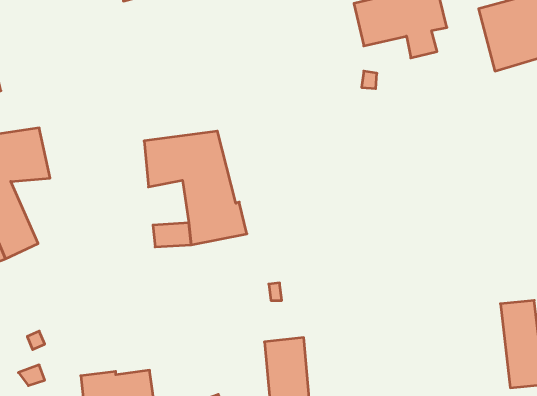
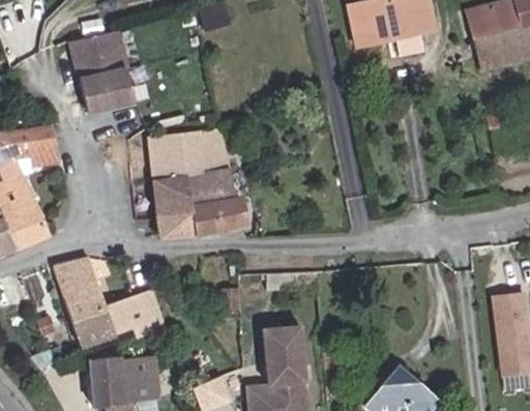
building: none -> [71,32,135,114]
building: none -> [153,174,192,216]
building: none -> [53,257,164,347]

